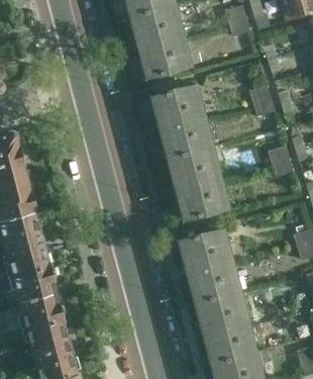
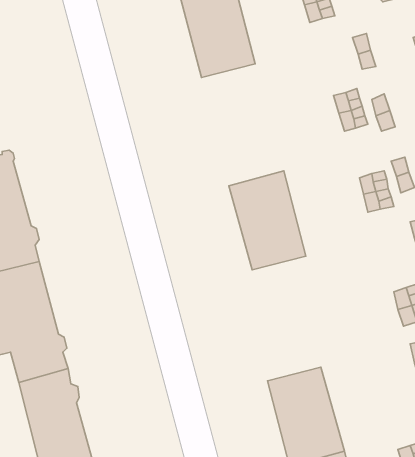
building: [155,85,212,158] -> none
building: [184,229,239,301] -> none

